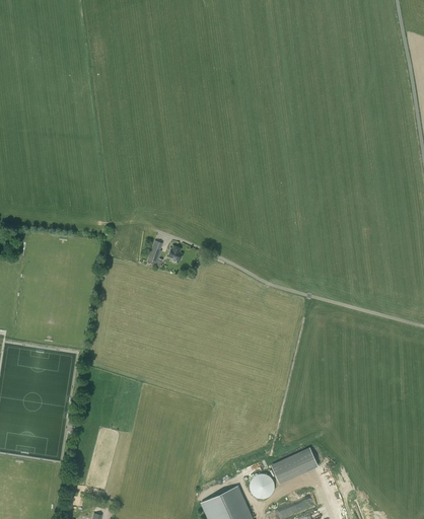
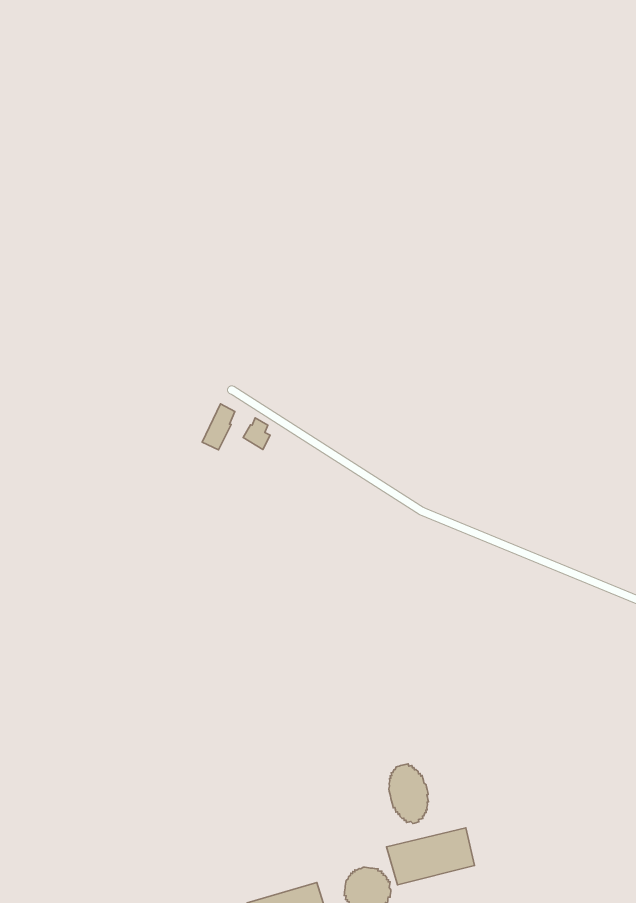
building: none -> [389,764,429,823]

